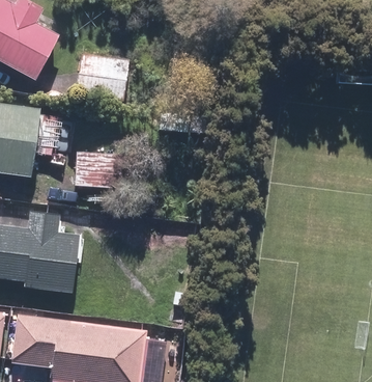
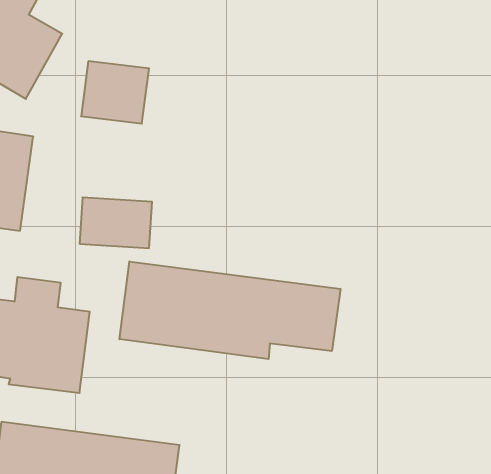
building: none -> [119,261,340,359]

